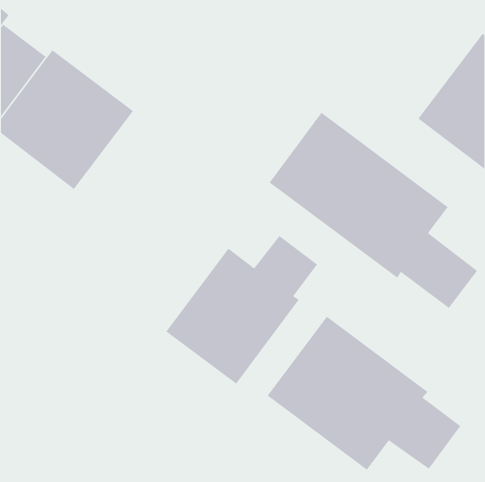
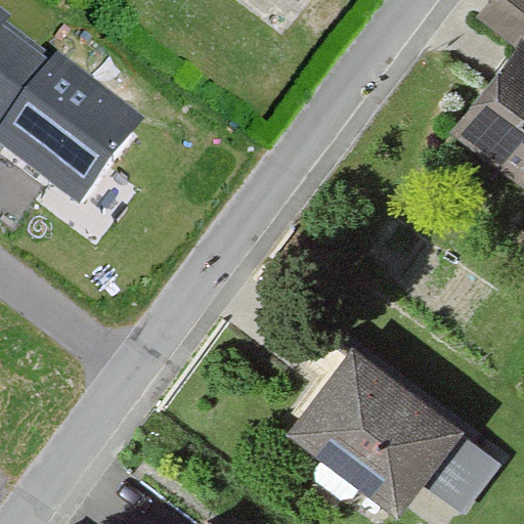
building: [269,112,478,309] -> none
building: [165,235,318,384] -> none

